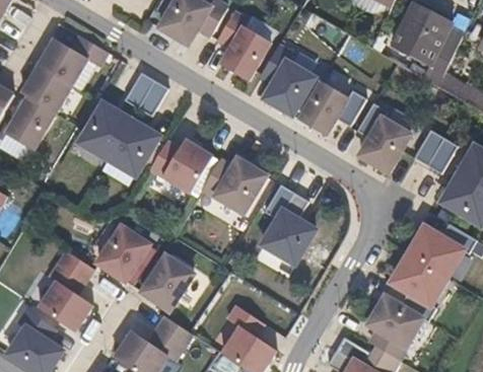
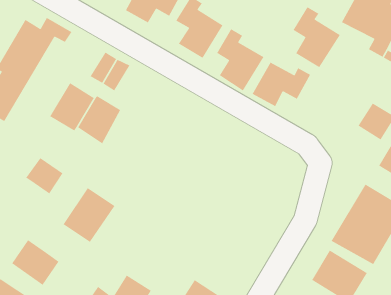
building: [356,105,409,173] -> [292,6,341,68]
building: [148,142,212,196] -> none
building: [201,160,265,215] -> none
building: [257,203,319,266] -> none
building: [137,250,196,311] -> none
building: [50,252,91,293] -> [25,157,63,194]

